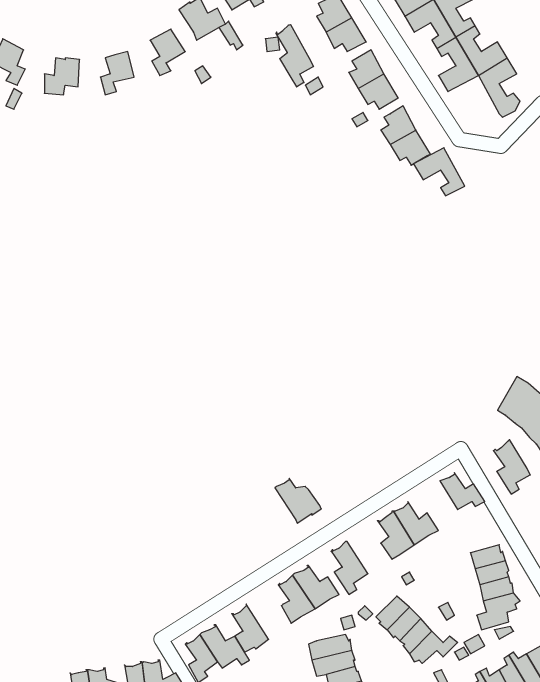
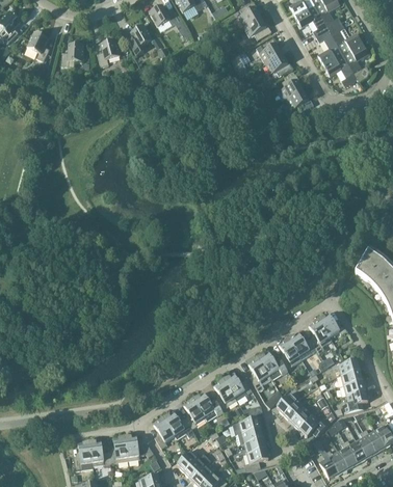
building: [276,25,313,87] -> none
building: [413,148,465,196] -> [324,54,358,85]
building: [493,440,530,494] -> [309,317,333,352]
building: [275,478,321,523] -> [259,350,289,379]
building: none -> [193,390,224,420]

